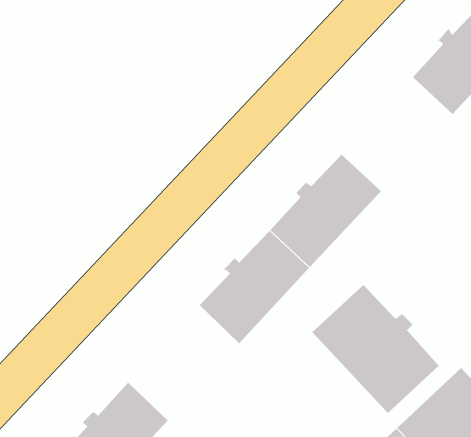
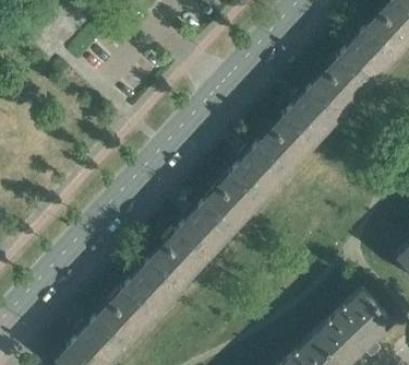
building: none -> [272,69,356,155]
building: [312,284,440,414] -> none
building: none -> [110,242,194,329]

